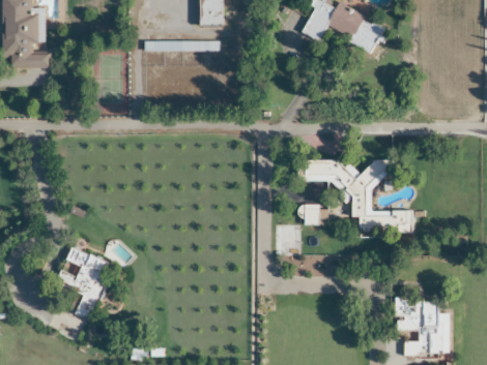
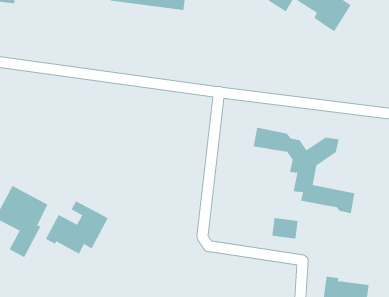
building: [303,205,327,223] -> [271,218,298,239]
building: none -> [45,200,109,254]

